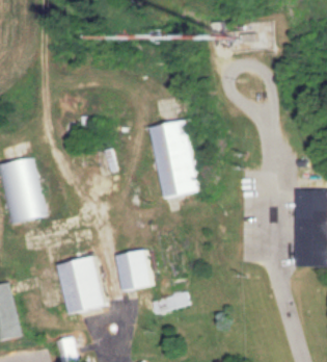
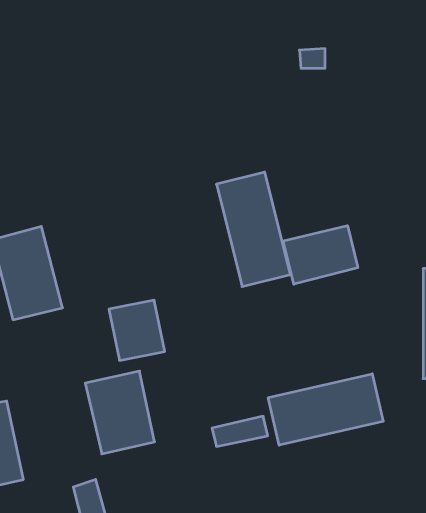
building: none -> [283,226,358,284]
building: [117,253,156,294] -> [109,300,165,360]
building: none -> [268,374,383,445]

